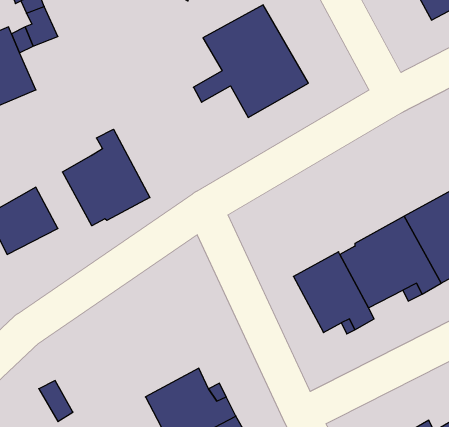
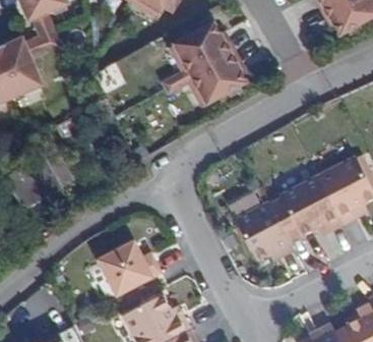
building: [62,129,150,226] -> none
building: none -> [97,239,160,294]

